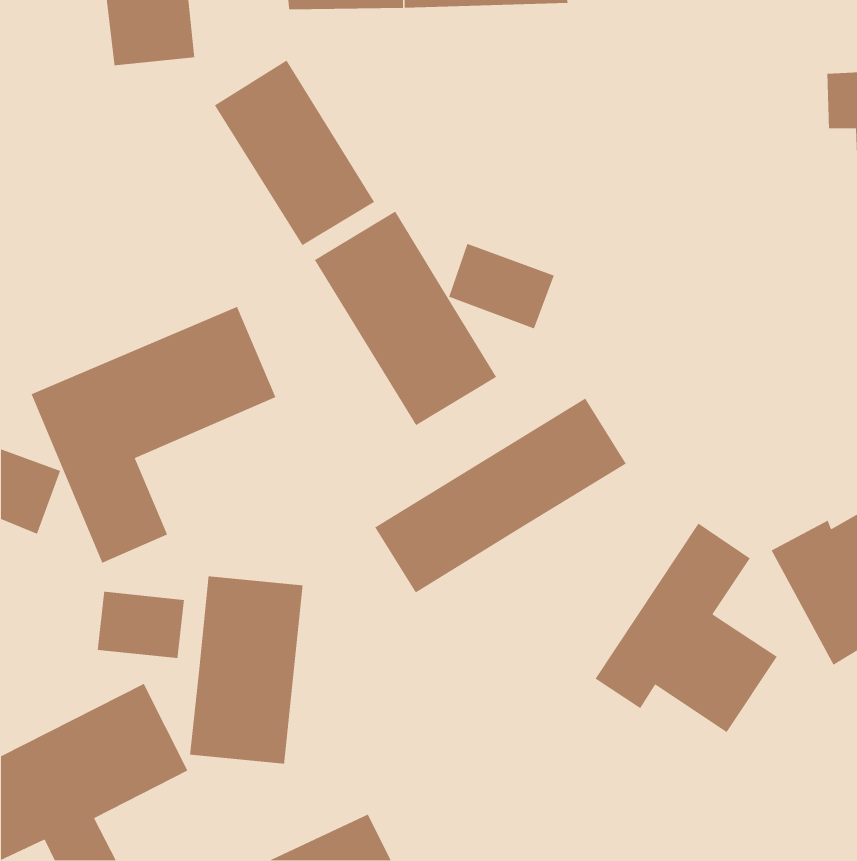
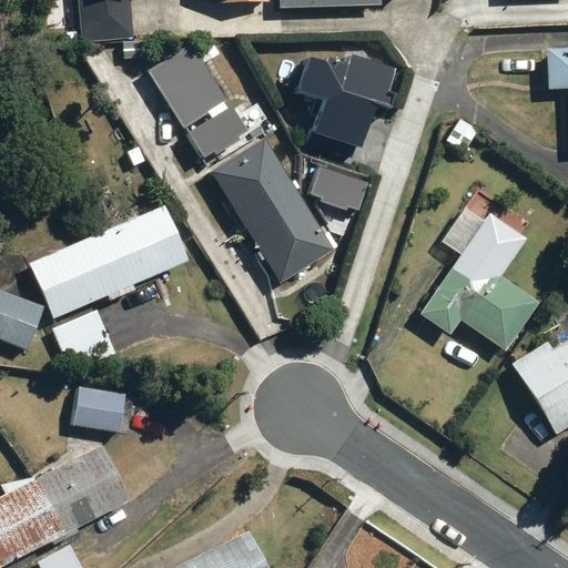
building: none -> [288,47,386,151]
building: [374,398,627,593] -> none
building: [595,522,778,733] -> [420,213,540,351]
building: [189,576,303,765] -> none

